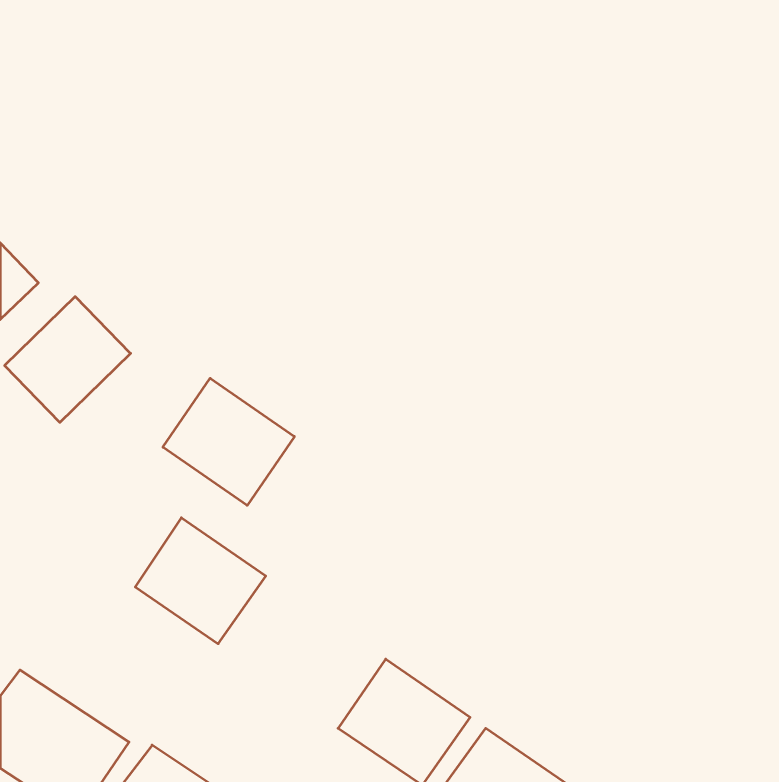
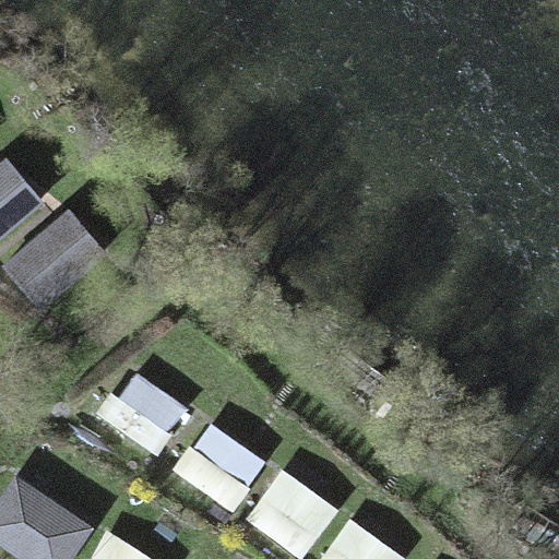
building: [163,378,294,505] -> none
building: none -> [173,421,266,511]

